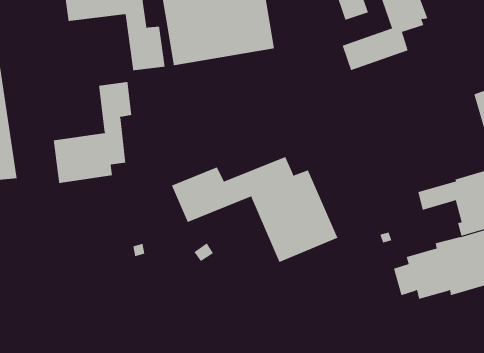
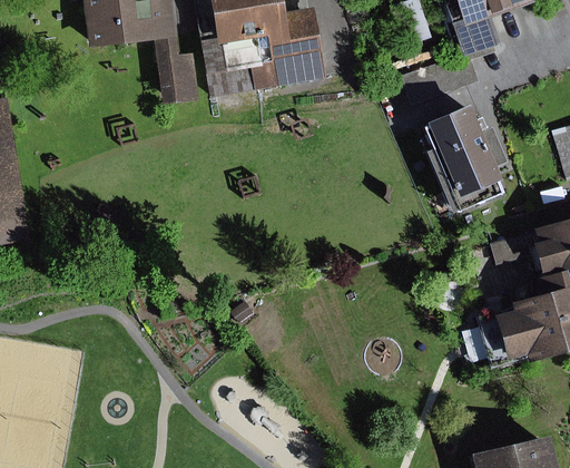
building: none -> [419,105,505,215]
building: [53,81,132,184] -> none
building: [171,156,338,263] -> none

